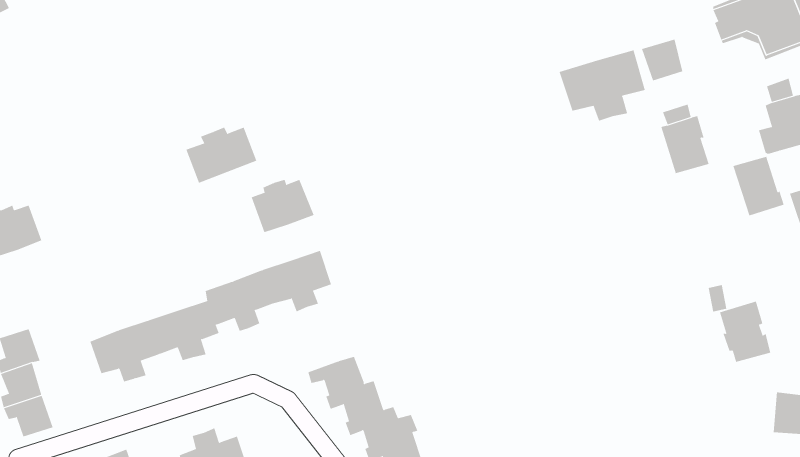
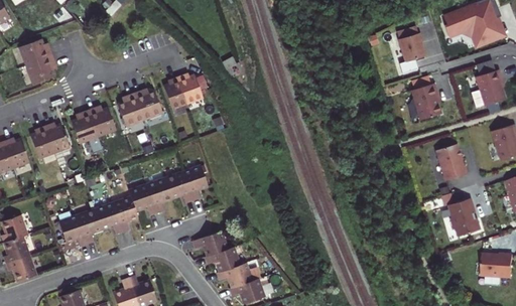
building: none -> [20,36,54,82]
building: [559,49,646,121] -> none
building: none -> [71,107,115,152]
building: [733,156,785,216] -> [435,144,468,181]
building: [251,179,314,233] -> [163,74,203,108]
building: none -> [29,123,70,157]

